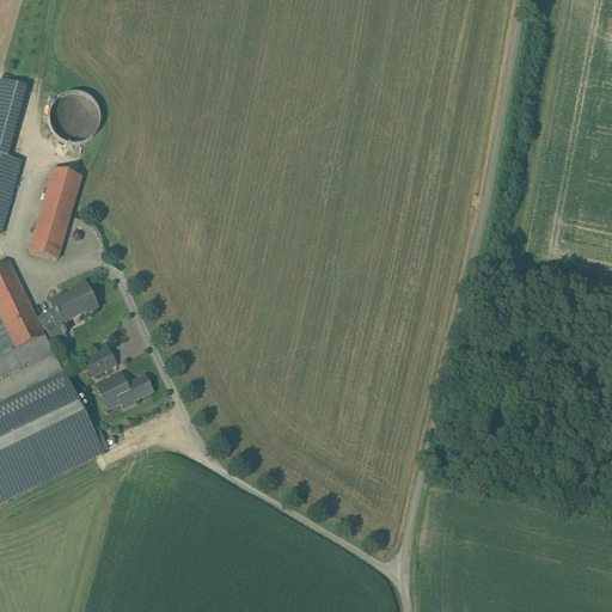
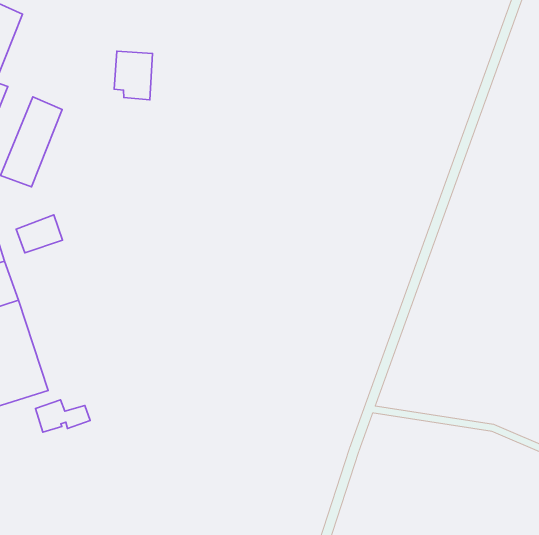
building: [56,88,96,136] -> [114,51,152,100]
building: [81,344,116,375] -> none
building: [96,372,152,406] -> [35,400,90,432]

